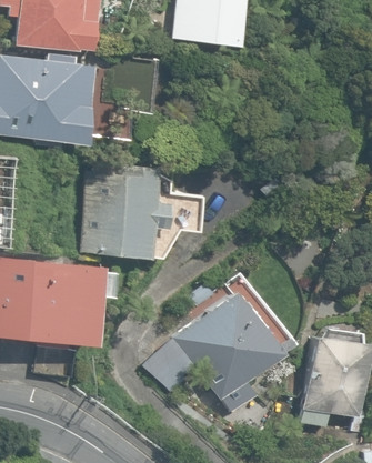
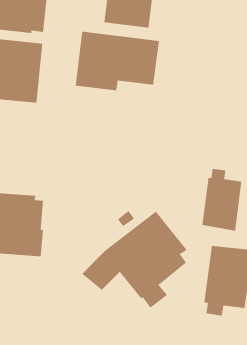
building: none -> [75,31,159,91]
building: [80,163,165,259] -> none
building: none -> [202,168,242,231]

